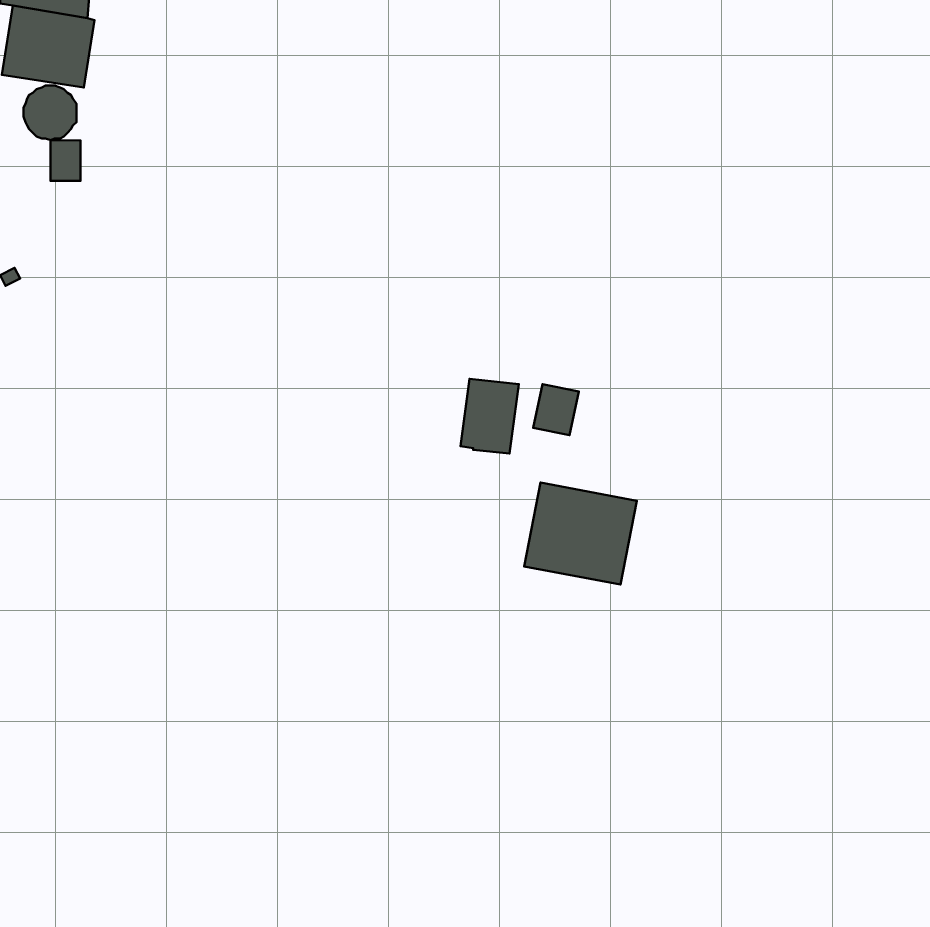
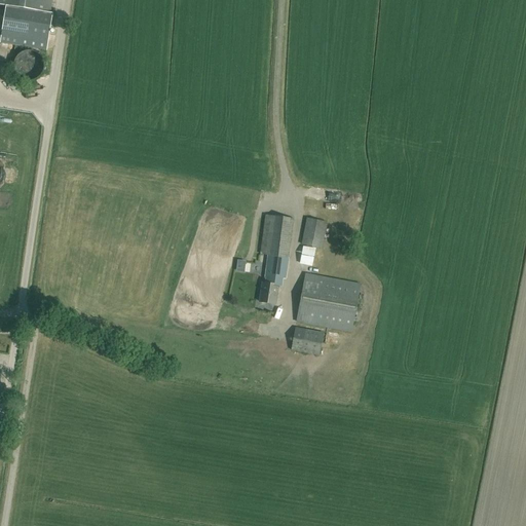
building: [51,140,80,181] -> none
building: none -> [259,254,288,302]
building: none -> [292,327,323,352]

